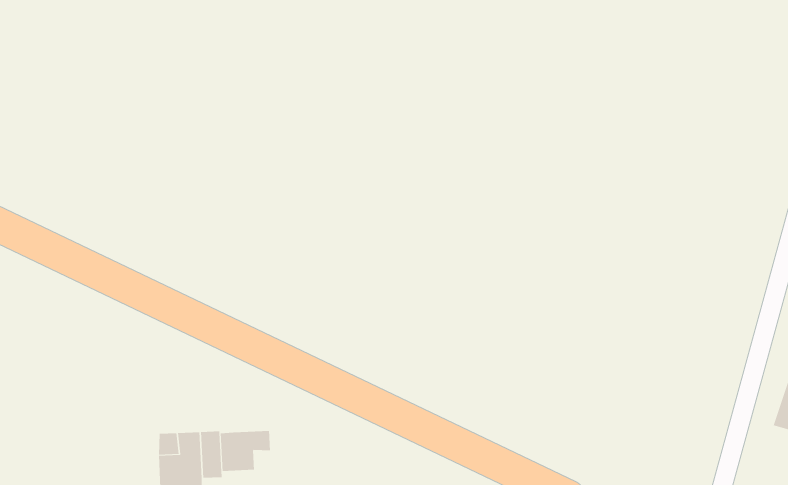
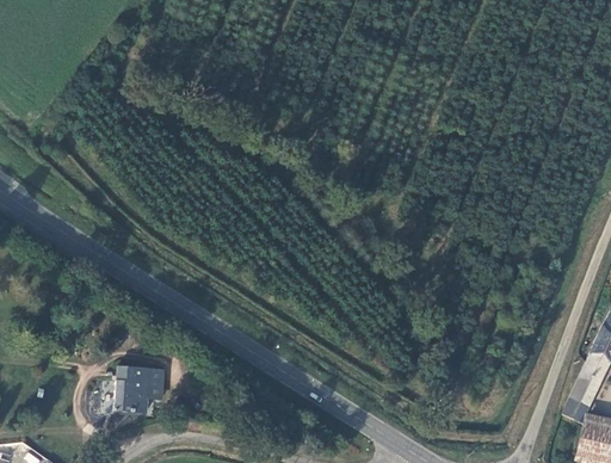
building: [220,430,270,472] -> none

